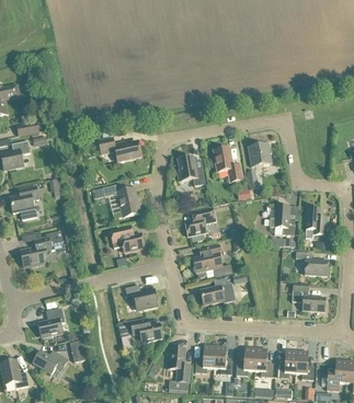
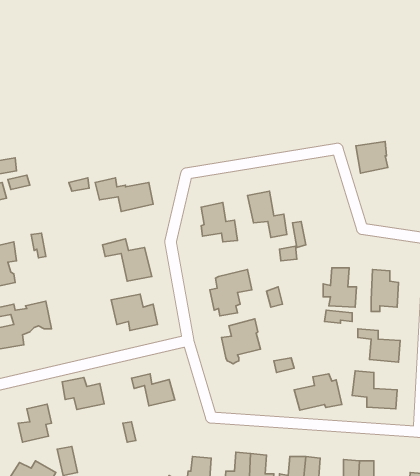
building: [248,142,272,166] -> [356,141,388,173]
building: [199,277,236,304] -> [294,374,342,410]
building: [130,318,162,342] -> [62,378,104,410]

